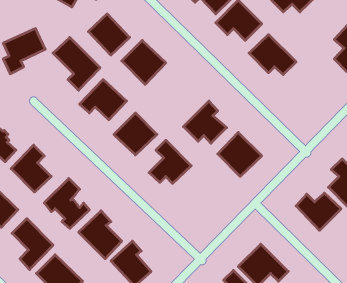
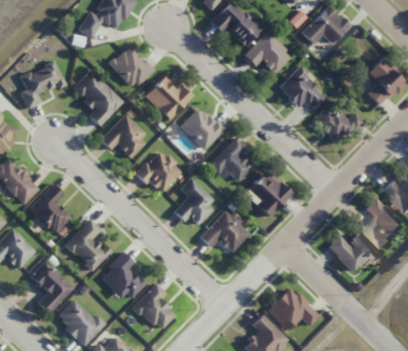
building: none -> [180,106,224,150]
building: none -> [317,106,365,145]
building: none -> [200,209,251,251]

